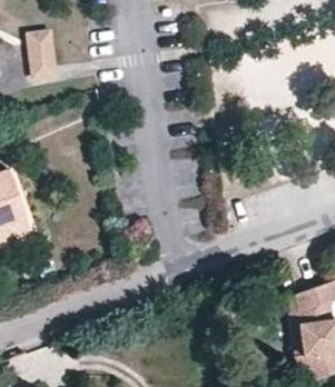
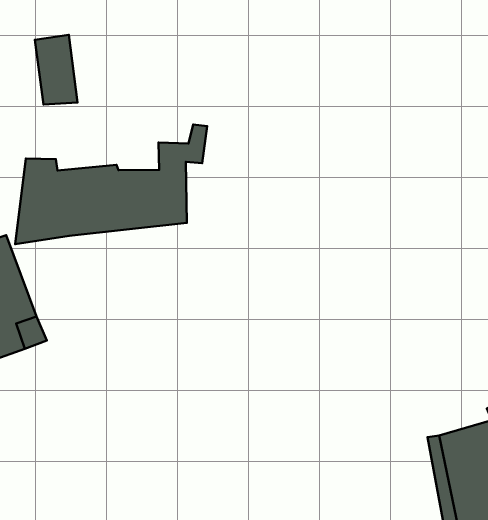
building: none -> [15,124,207,244]

